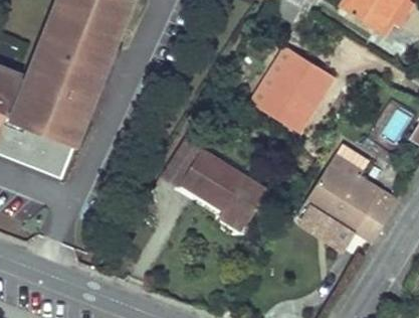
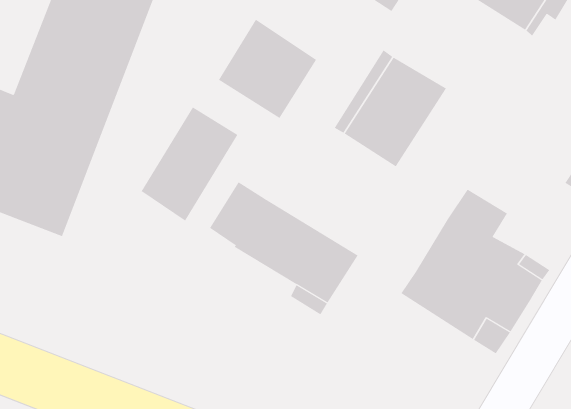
building: none -> [218,19,317,119]
building: none -> [141,107,238,222]

